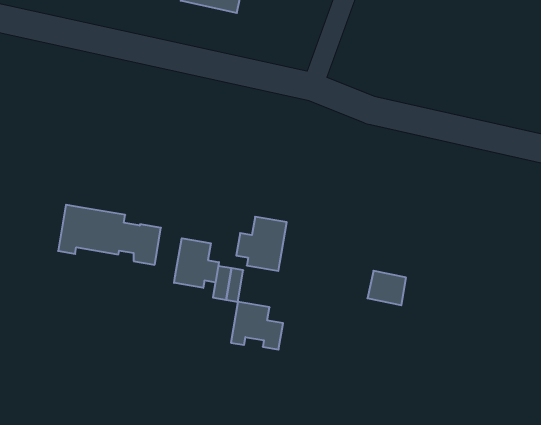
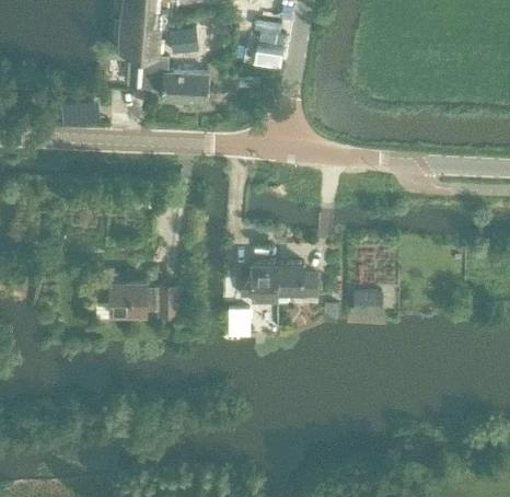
building: [174,238,219,288] -> none
building: [231,302,283,350] -> [276,264,315,298]

